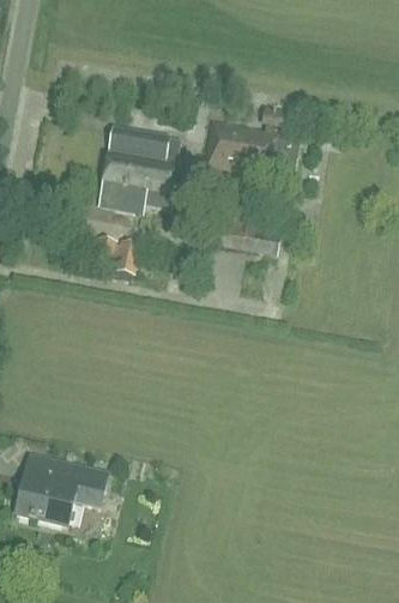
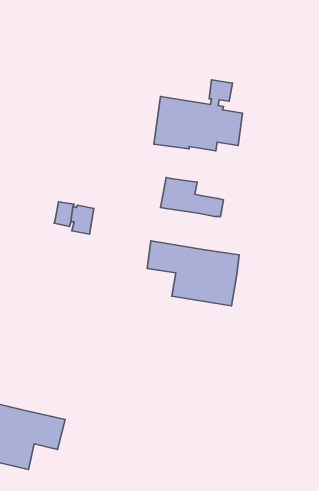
building: [99,126,181,210] -> none
building: none -> [147,241,239,306]

